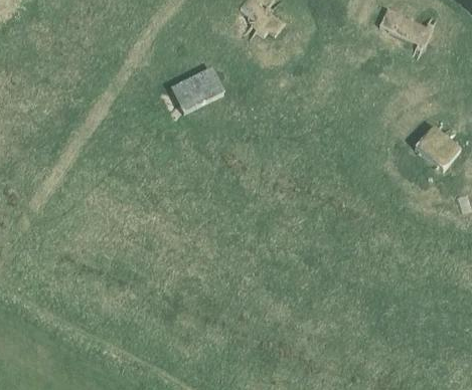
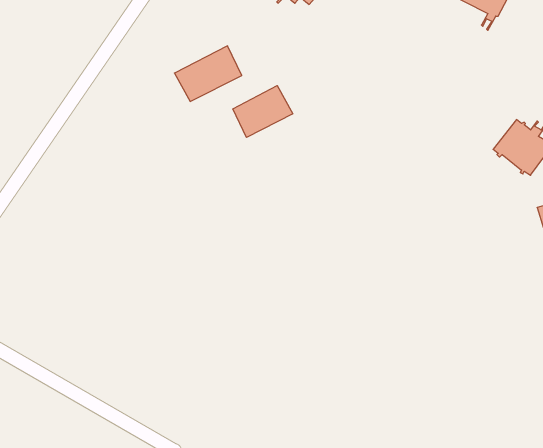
building: none -> [233,86,293,137]

